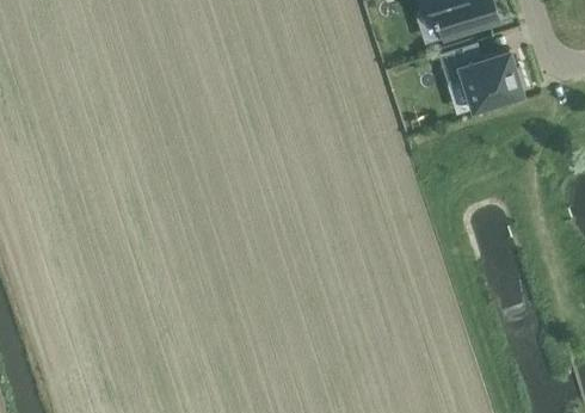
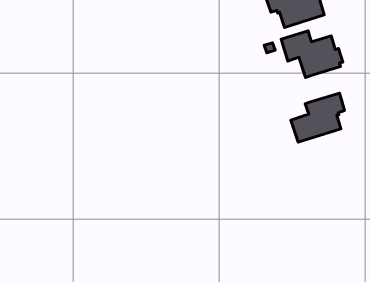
building: none -> [291,93,344,142]

